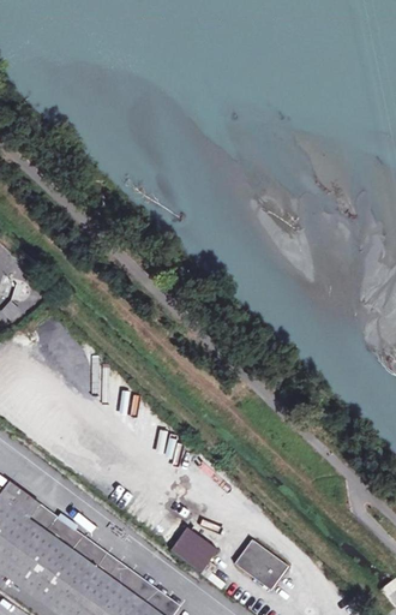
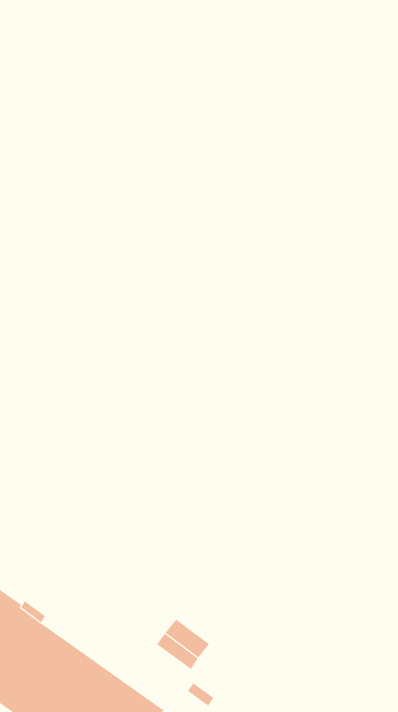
building: [233,541,287,591] -> none

